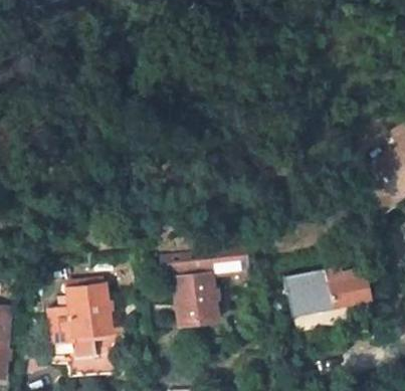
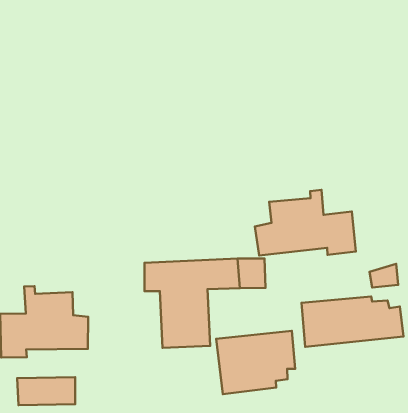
building: none -> [255,190,356,256]
building: none -> [216,331,295,394]

